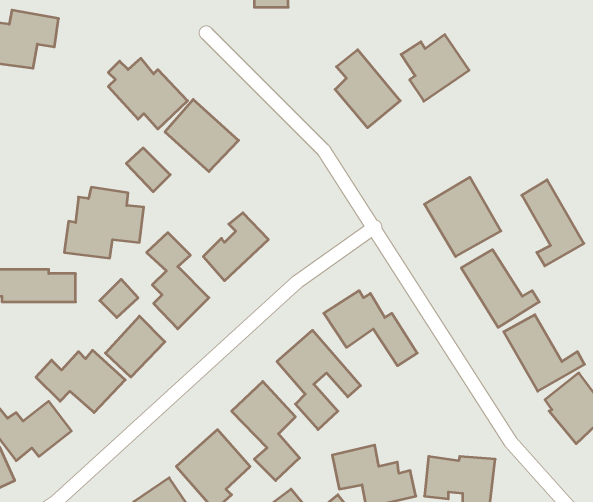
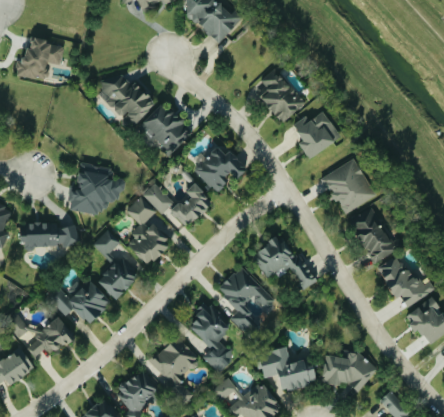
building: [401,35,469,101] -> [292,111,340,158]
building: [126,148,170,192] -> [143,184,174,215]
building: none -> [194,147,246,192]
building: [522,180,584,266] -> none

